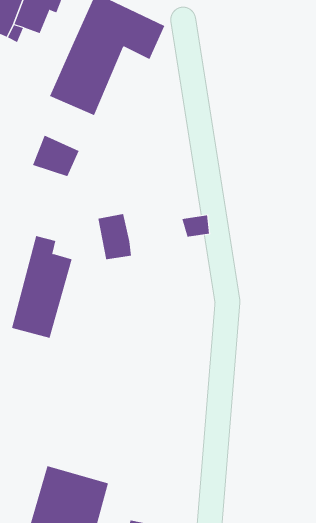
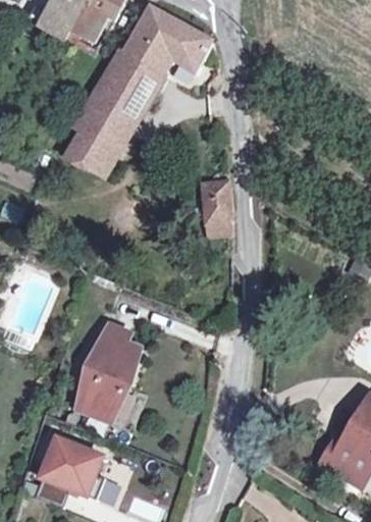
building: none -> [80,96,137,149]
building: [98,213,132,260] -> [203,180,230,221]
building: [11,235,73,339] -> [76,324,140,420]

